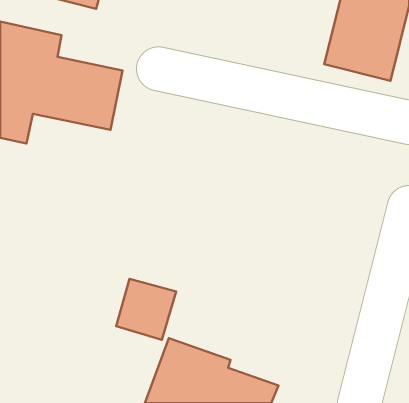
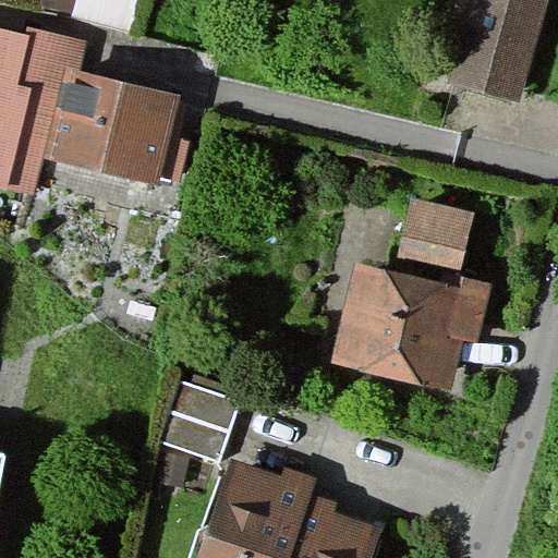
building: none -> [332,201,488,390]

